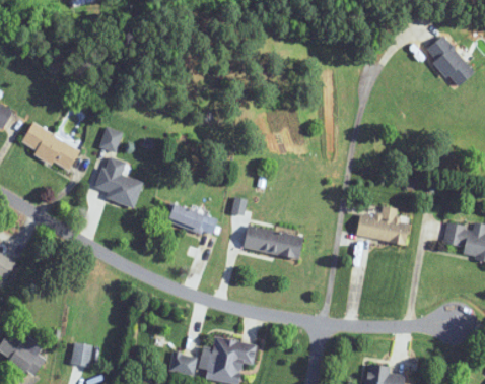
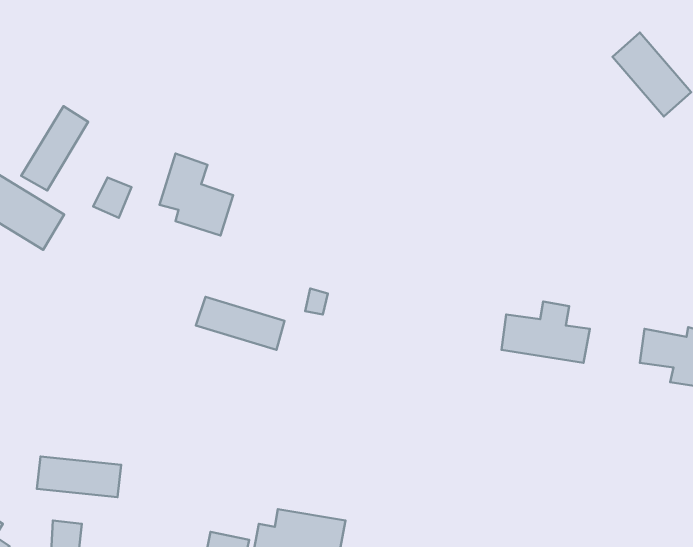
building: none -> [21,106,88,190]
building: [95,155,142,207] -> [159,153,233,236]
building: [243,226,304,259] -> none
building: none -> [37,456,121,497]

